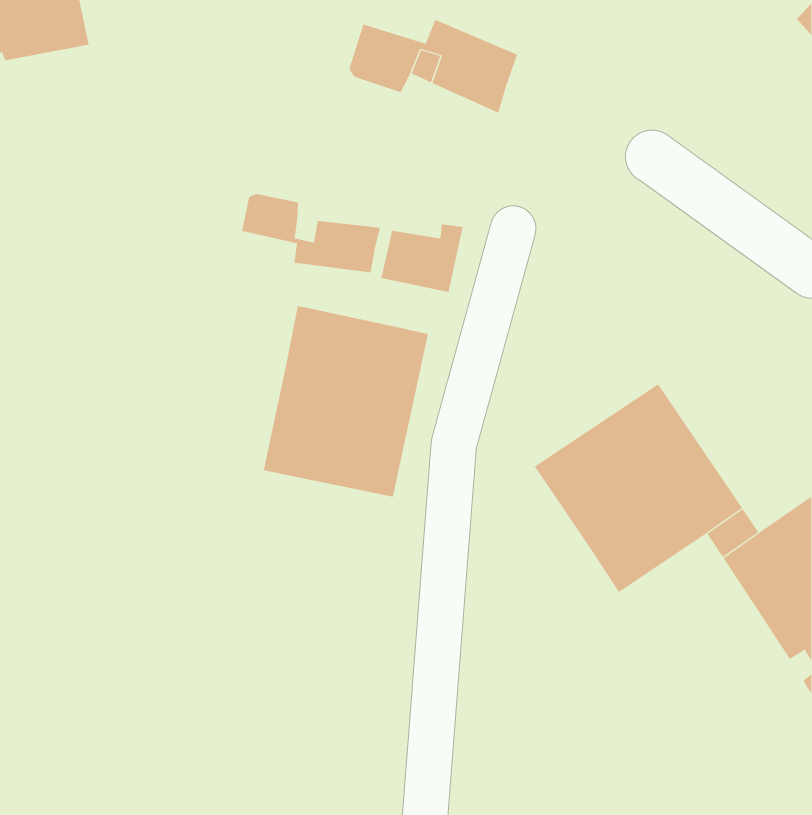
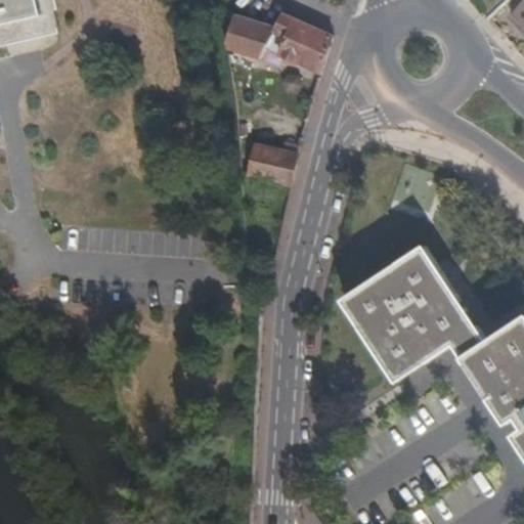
building: [241,193,381,273] -> none
building: [263,305,428,498] -> none

